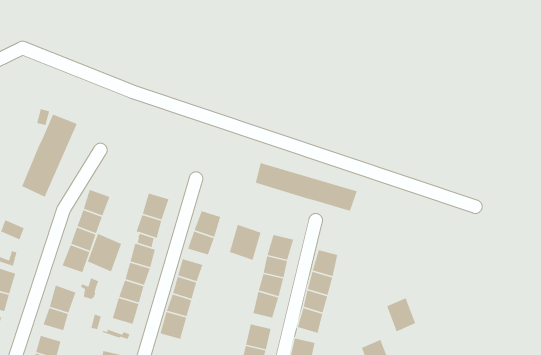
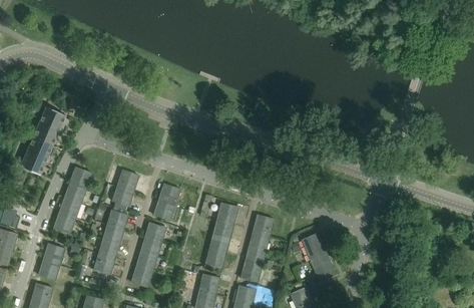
building: [255,162,358,212] -> none
building: [229,224,262,261] -> none
building: [87,233,122,272] -> none
building: none -> [302,234,327,261]

